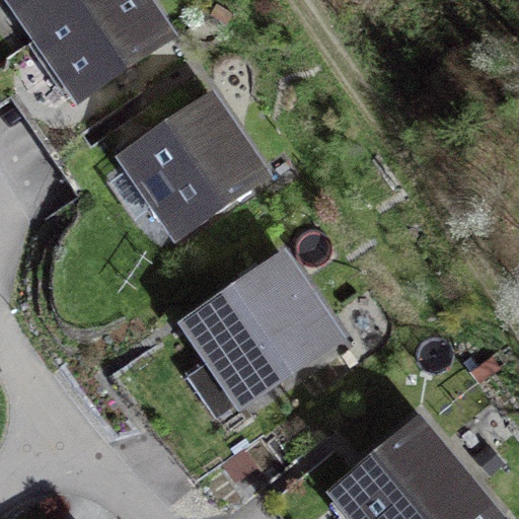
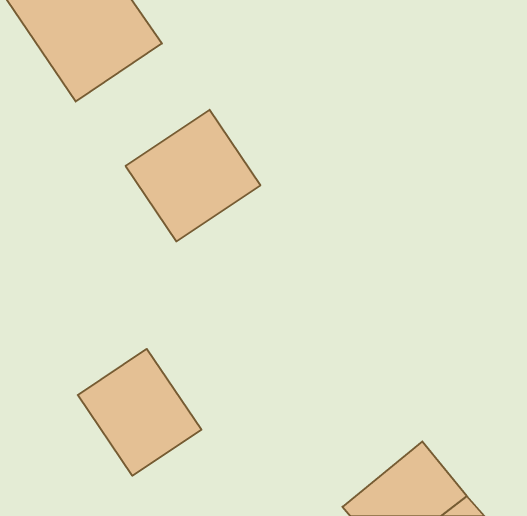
building: [189,266,329,401] -> none
building: none -> [78,349,201,476]

